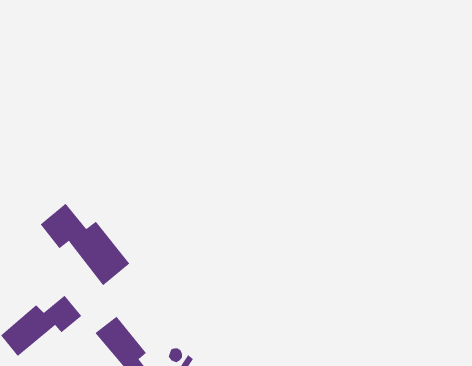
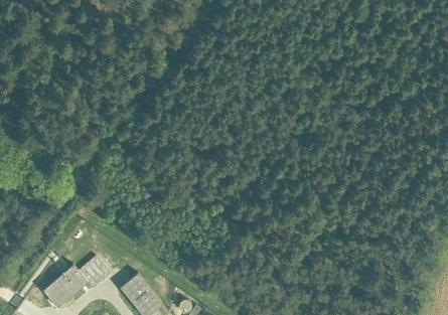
building: [40,203,130,286] -> none

